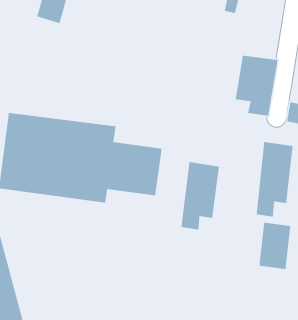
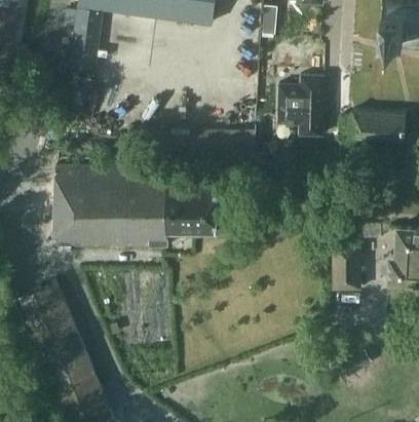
building: [256,141,293,217] -> none
building: [181,161,220,230] -> none

